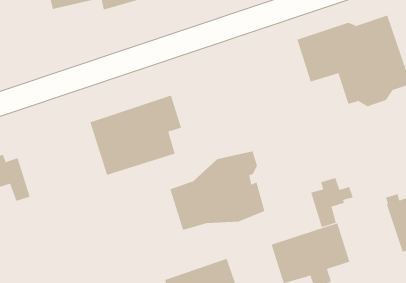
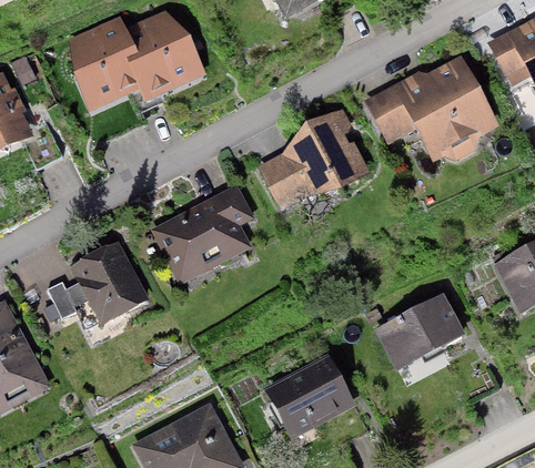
building: none -> [70,240,150,325]
building: [169,151,265,230] -> [259,108,369,208]
building: [311,177,353,228] -> none

